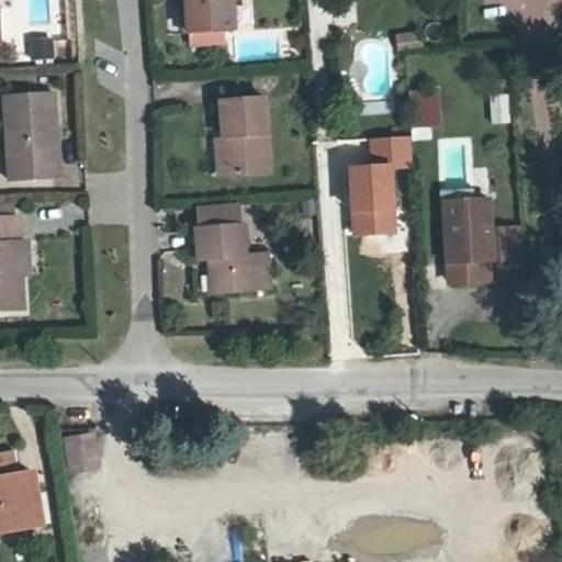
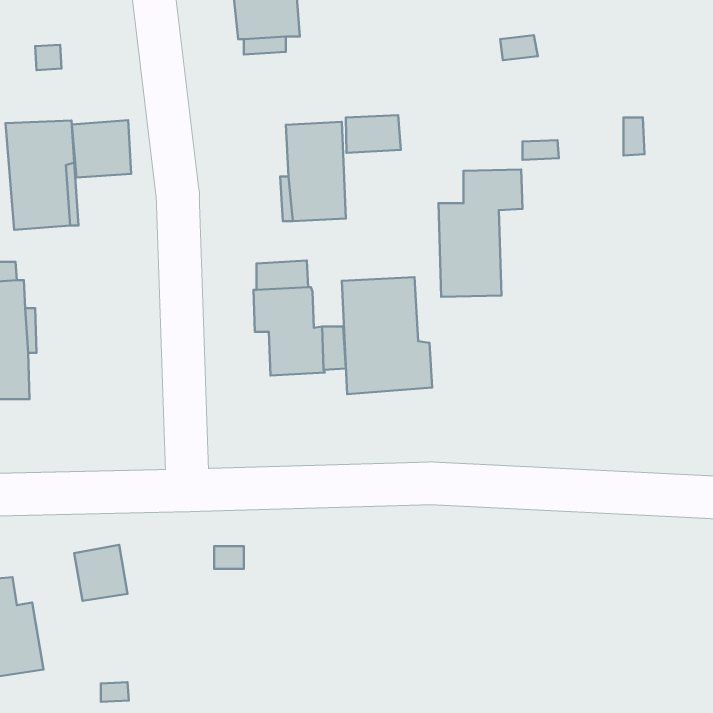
building: none -> [346,115,401,153]
building: none -> [72,120,131,178]
building: [442,201,519,283] -> none
building: none -> [342,277,432,394]

